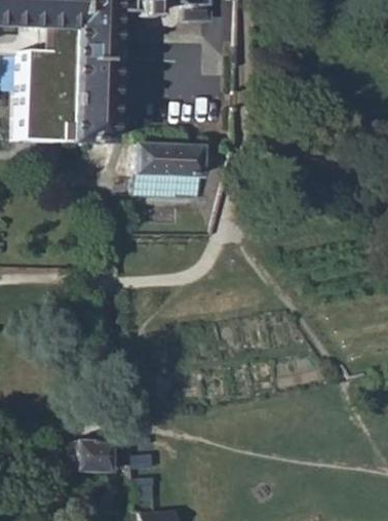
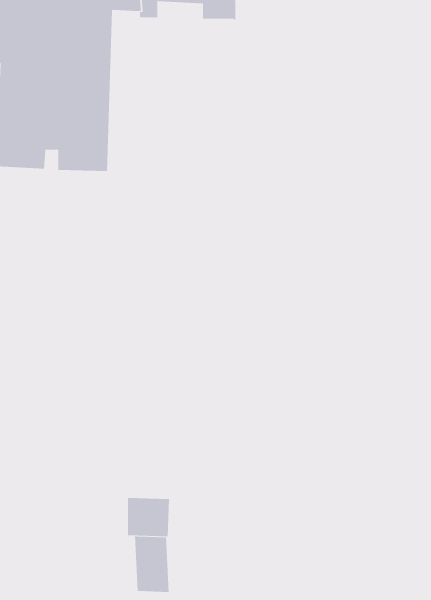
building: [140,144,206,196] -> none
building: [79,439,114,471] -> [127,498,170,537]

